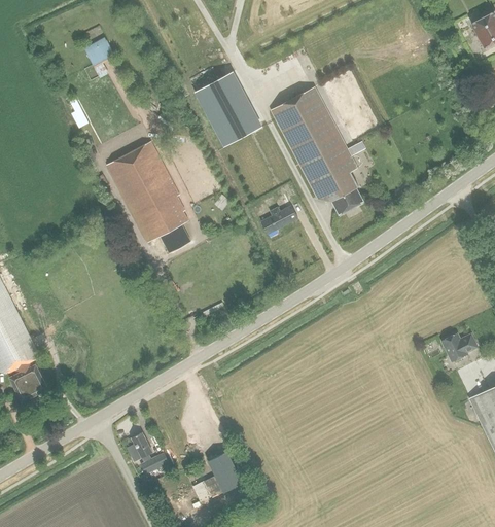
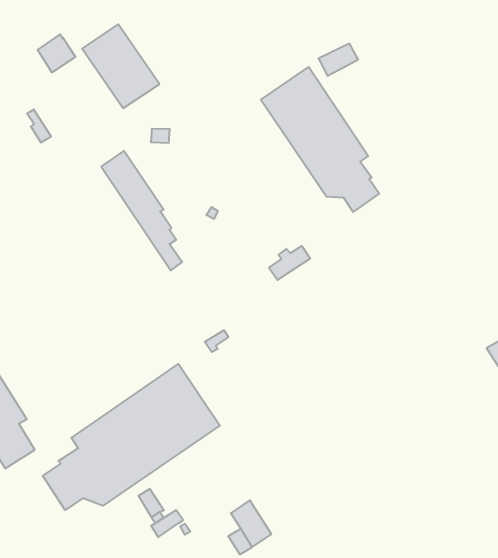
building: [196,76,258,148] -> [82,24,159,108]
building: [106,152,179,252] -> none
building: [260,206,296,233] -> [269,246,310,280]
building: none -> [43,364,220,510]

